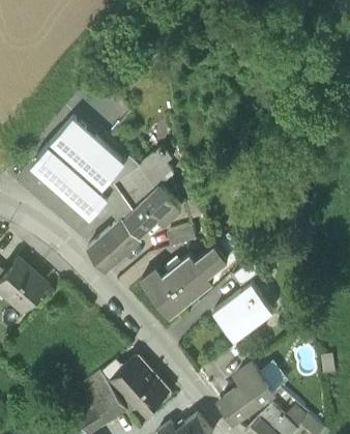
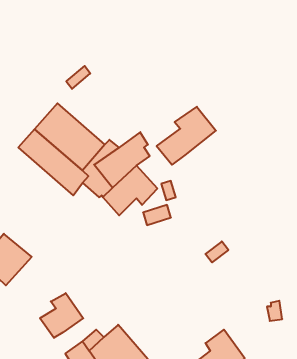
building: none -> [157,107,216,165]
building: [85,216,141,272] -> none
building: [140,243,228,317] -> none
building: [212,286,271,343] -> none
building: none -> [40,293,83,338]

